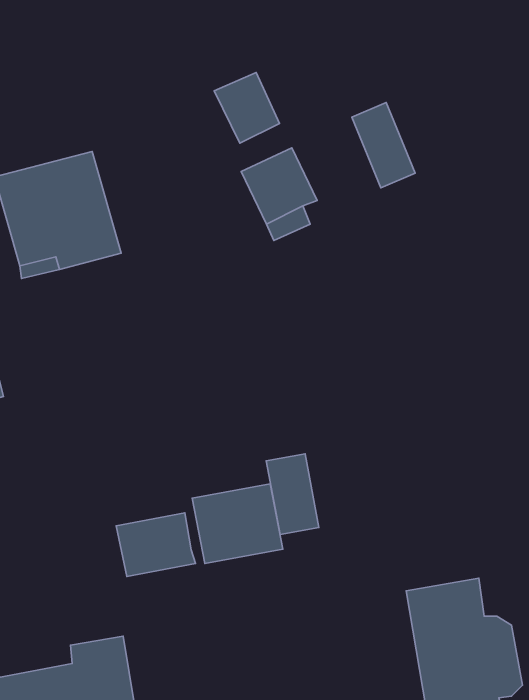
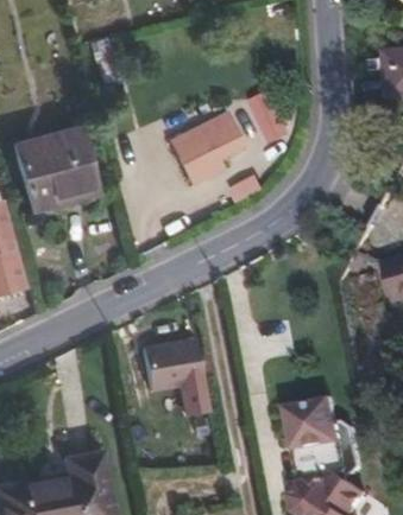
building: [214,73,280,143] -> [210,109,253,155]
building: [266,454,319,534] -> none
building: [116,513,195,576] -> none

